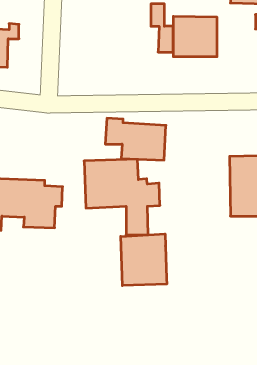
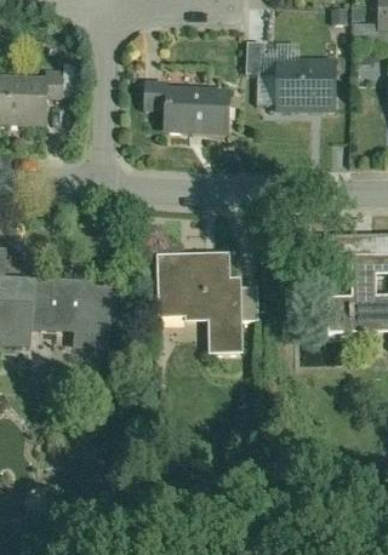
building: [105,118,166,160] -> [144,76,227,133]
building: [121,234,167,286] -> none

